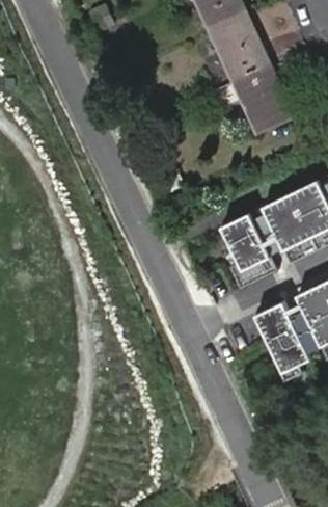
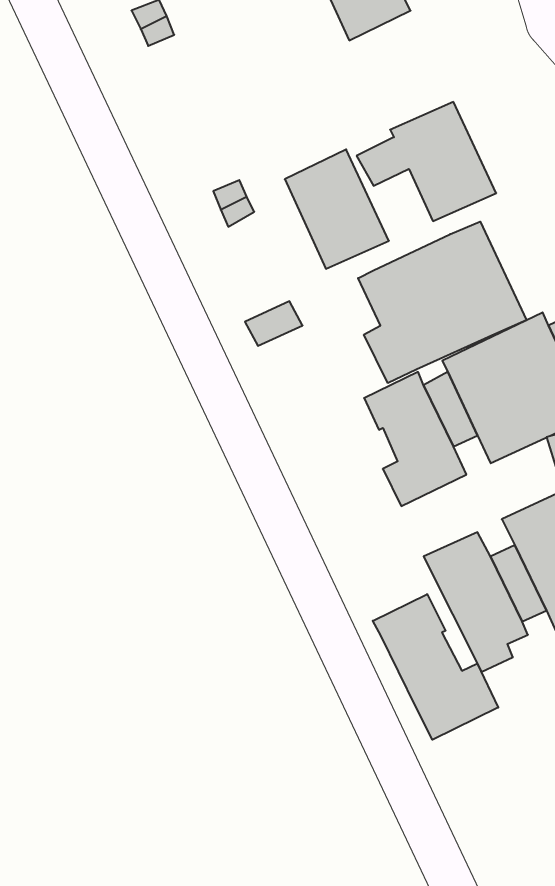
building: [210,10,268,77] -> [285,149,389,269]
building: none -> [358,222,527,383]
building: none -> [373,594,498,740]

